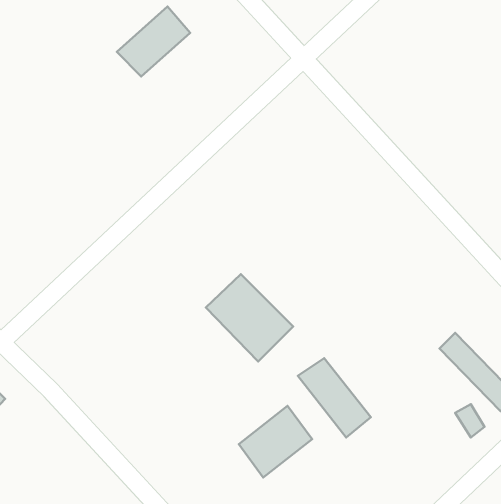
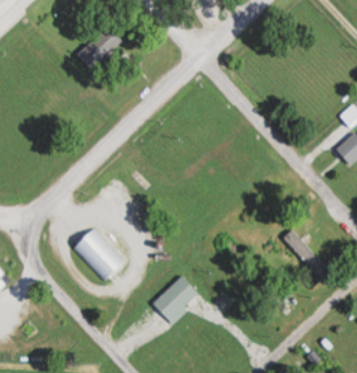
building: [206,274,293,362] -> [70,229,125,284]
building: [298,358,371,437] -> none

